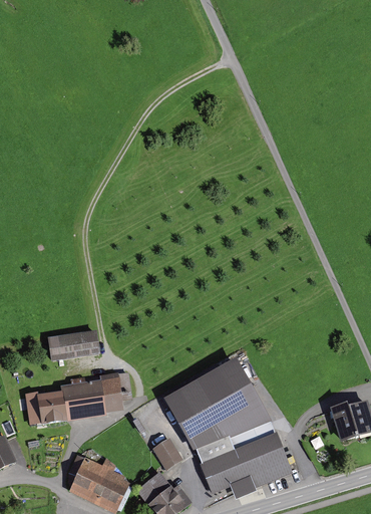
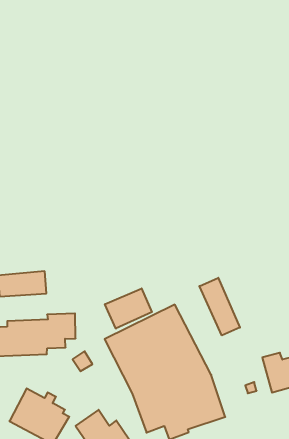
building: none -> [199,278,240,335]
building: none -> [105,288,152,329]
building: [153,436,184,469] -> none

